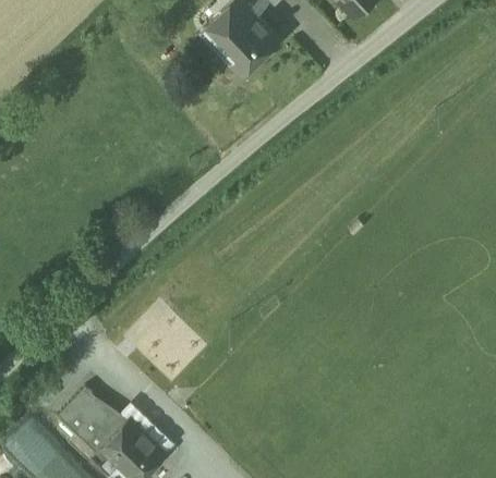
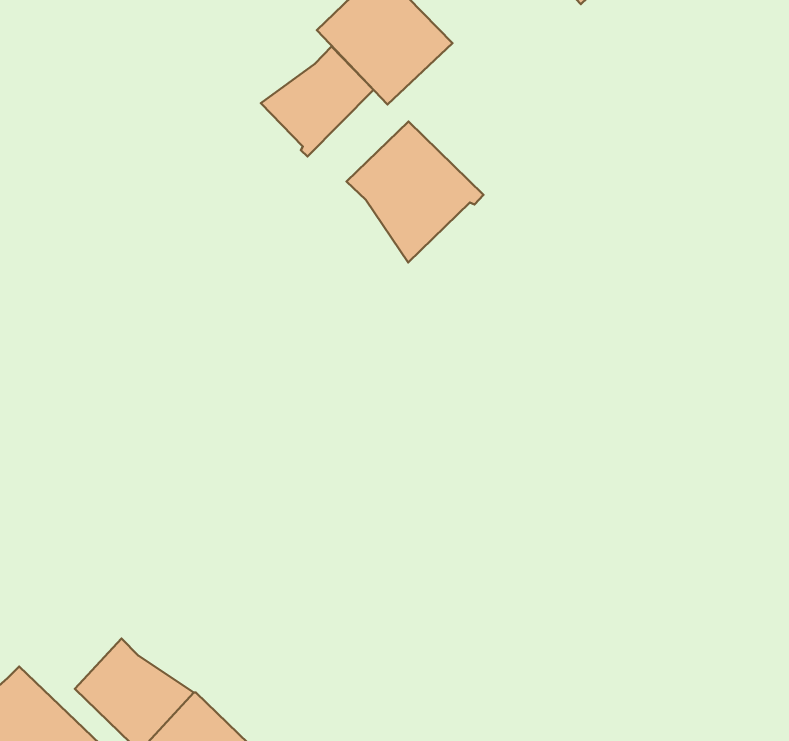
building: none -> [261,47,373,157]
building: none -> [346,121,484,263]

